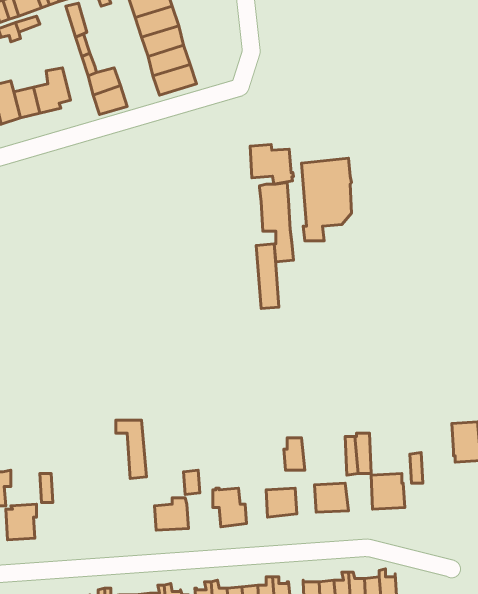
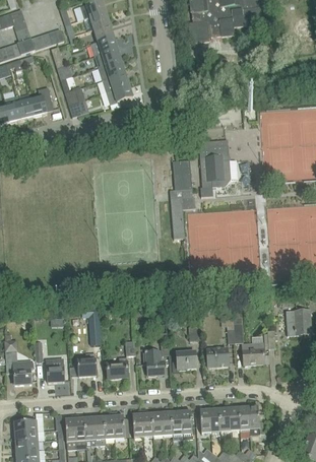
building: [250,144,294,184] -> none
building: none -> [69,351,97,375]
building: none -> [47,357,64,381]

